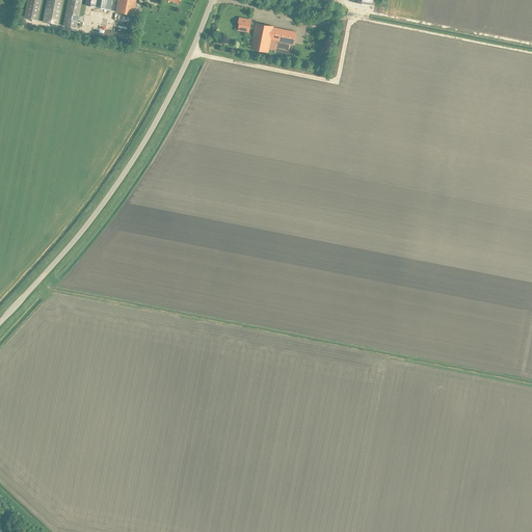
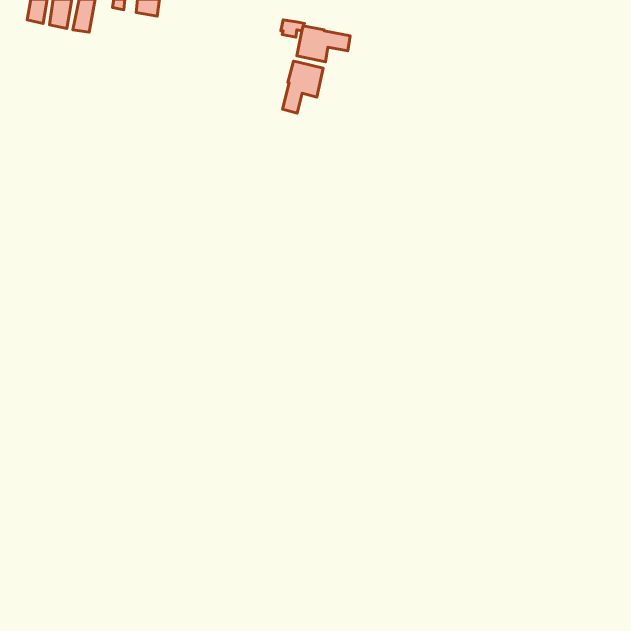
building: none -> [283,61,323,113]

